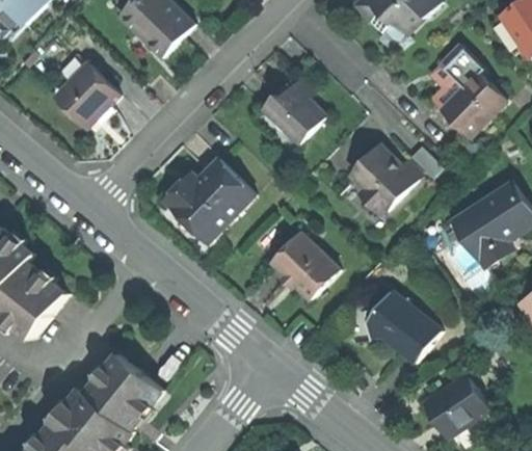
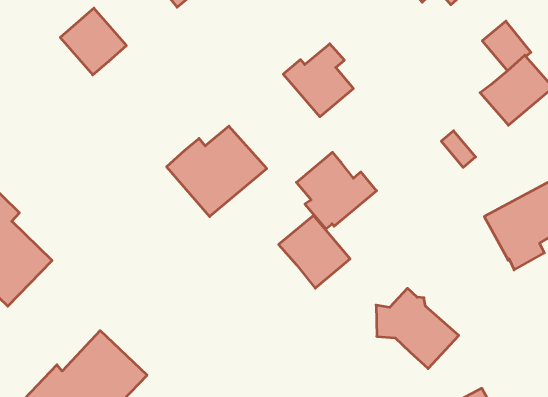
building: [348,143,421,213] -> [296,152,377,229]

